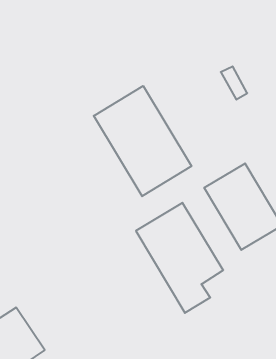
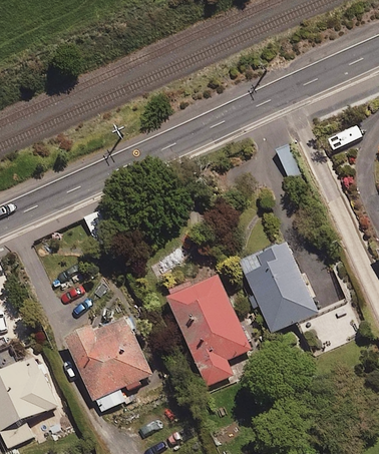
building: [94,86,191,196] -> none
building: none -> [64,315,151,411]

